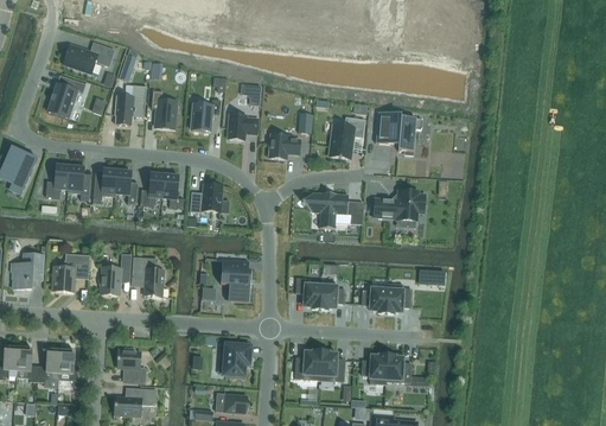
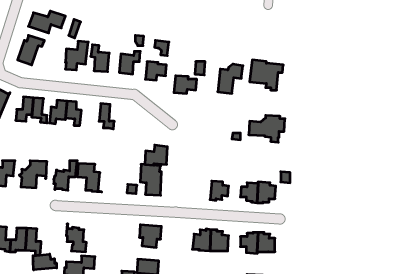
building: [140,172,165,206] -> none
building: [190,184,222,212] -> [145,145,167,165]
building: [302,192,347,229] -> none
building: [296,279,321,309] -> none
building: none -> [33,254,57,270]

